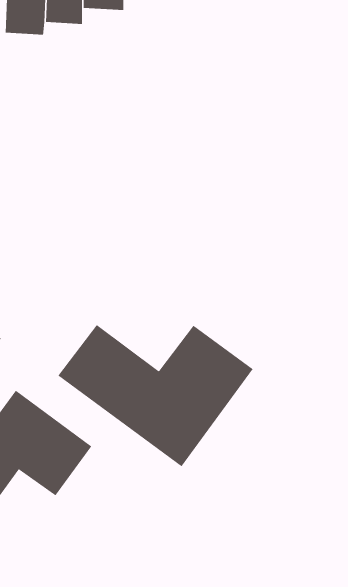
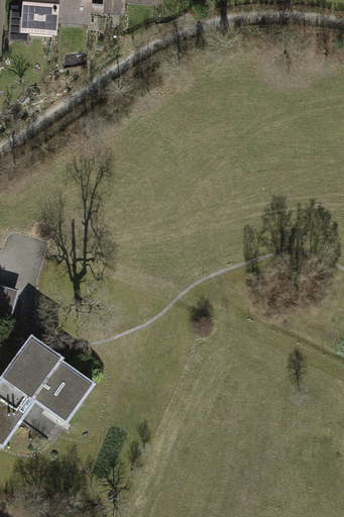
building: [58,324,253,467] -> none

